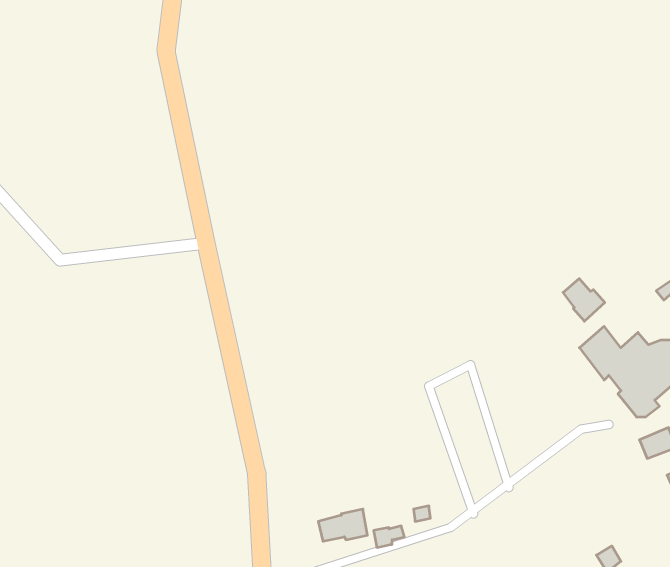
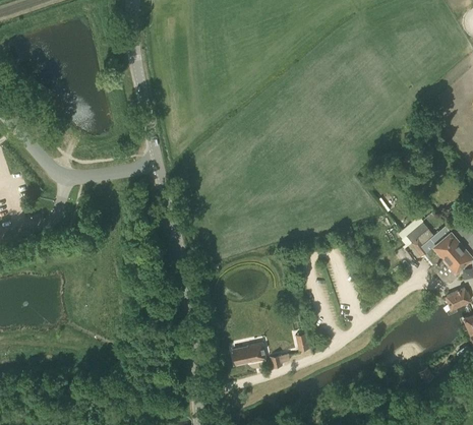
building: [563,279,605,321] -> none

